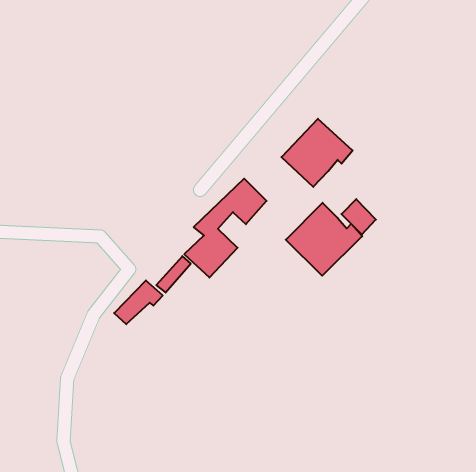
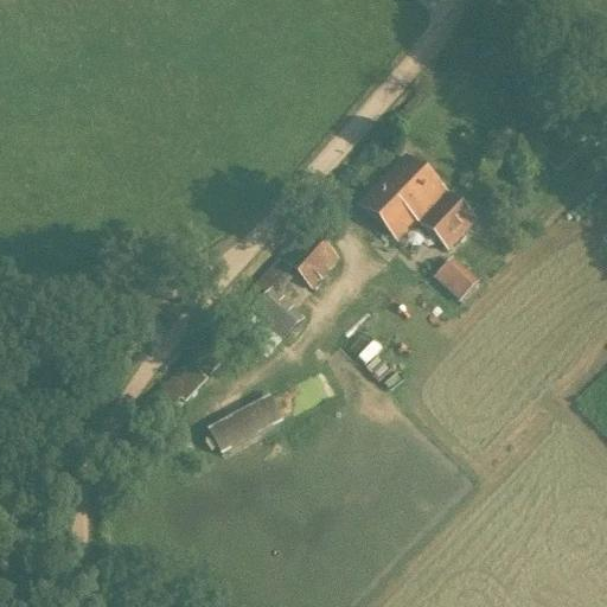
building: none -> [418,191,475,244]
building: [286,203,362,276] -> none
building: none -> [217,391,295,452]

